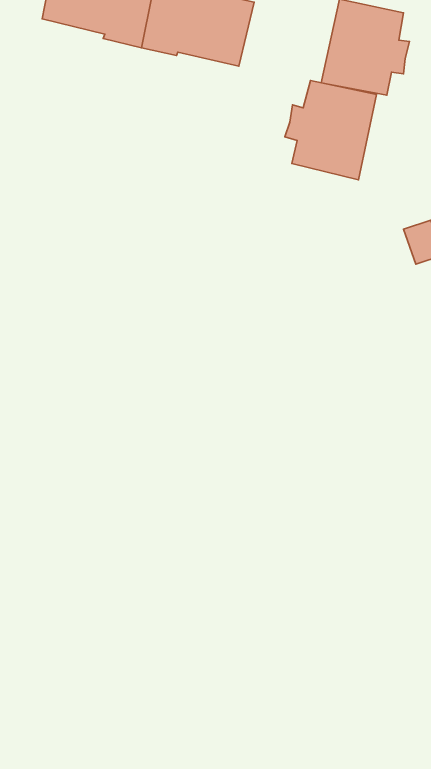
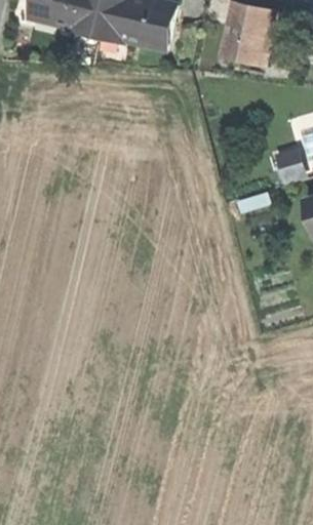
building: [285,81,377,180] -> none

